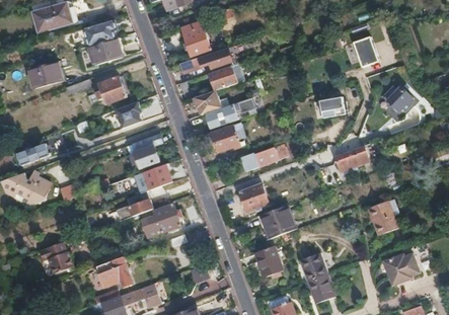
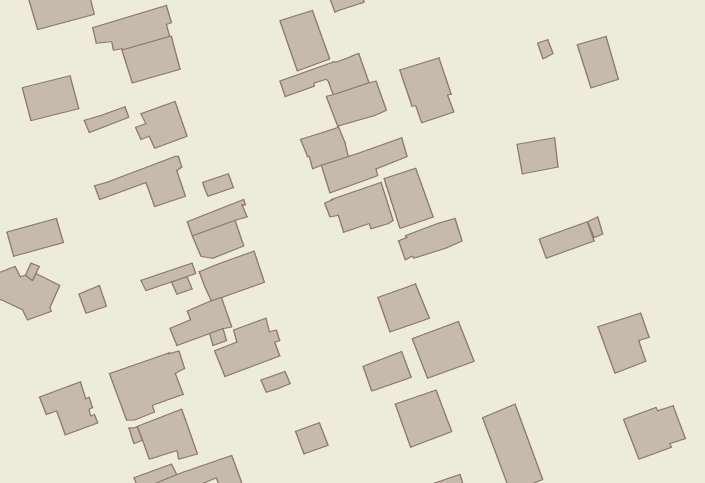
building: none -> [400,58,454,123]
building: [386,87,414,111] -> none
building: none -> [384,168,433,228]
building: none -> [109,351,185,420]
building: none -> [363,351,411,391]

